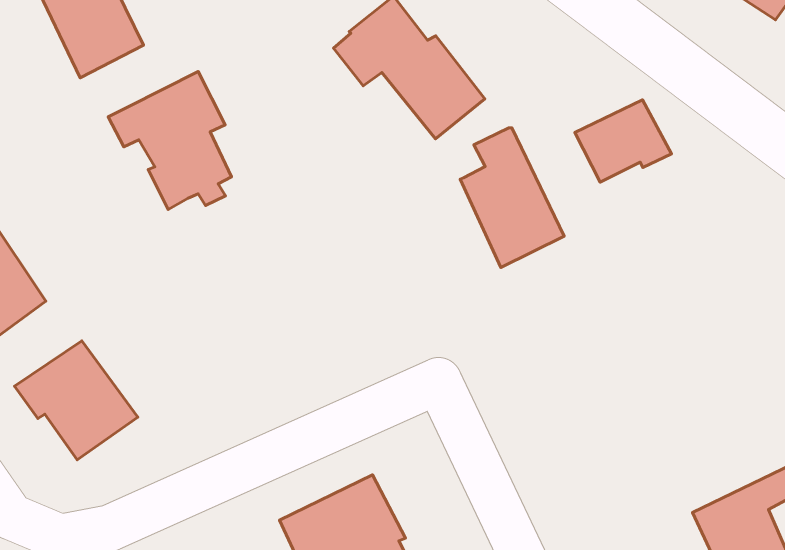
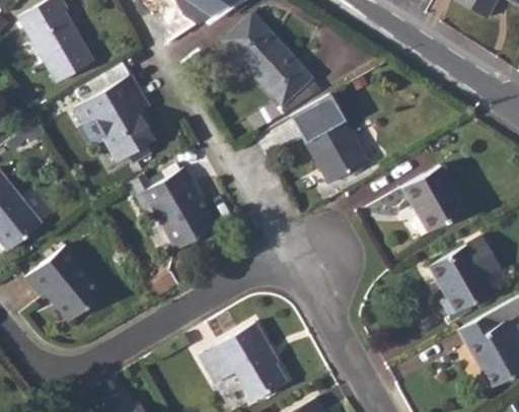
building: [575,100,672,182] -> none
building: none -> [137,168,214,251]
building: none -> [400,166,464,233]
building: none -> [429,237,501,317]

